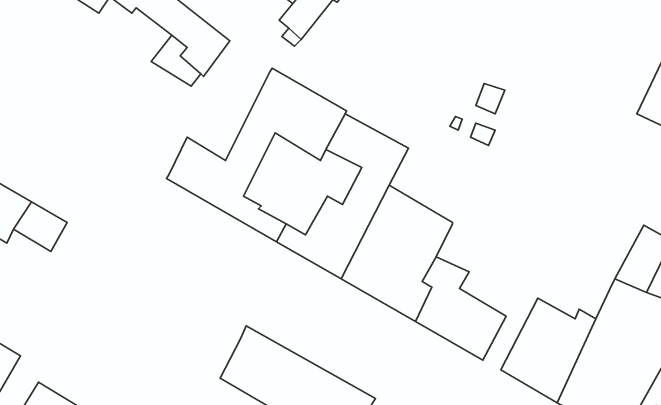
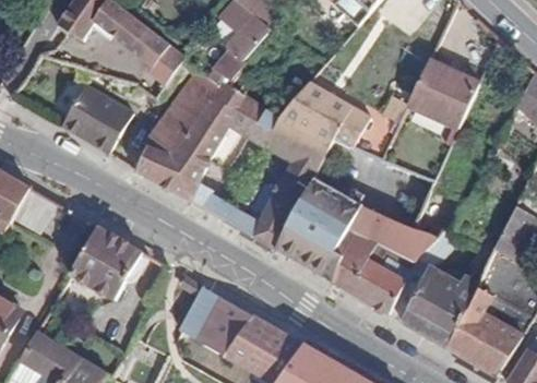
building: none -> [409,59,479,127]
building: none -> [153,65,218,155]
building: none -> [278,83,360,145]
building: none -> [61,84,132,148]
building: none -> [350,205,437,278]
building: none -> [69,226,147,298]

